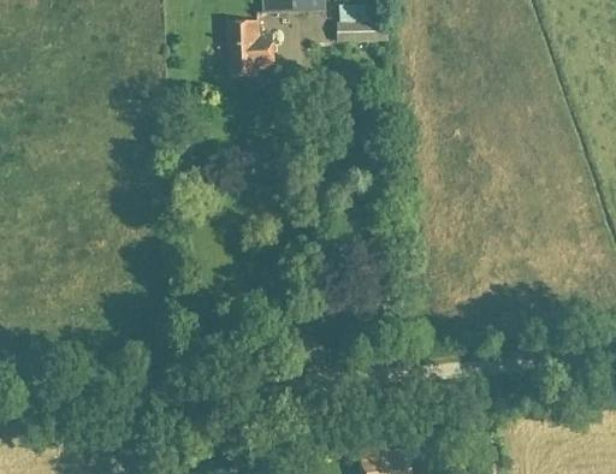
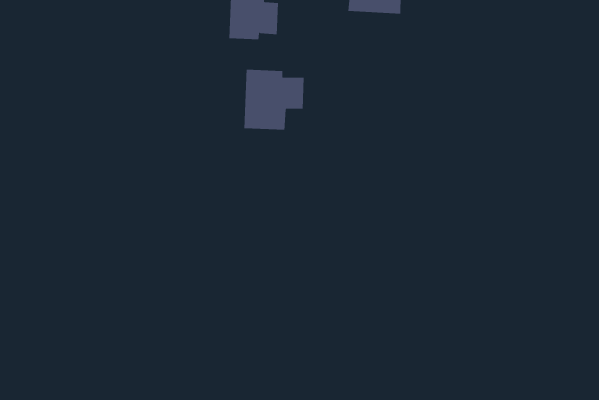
building: none -> [244,69,304,130]

